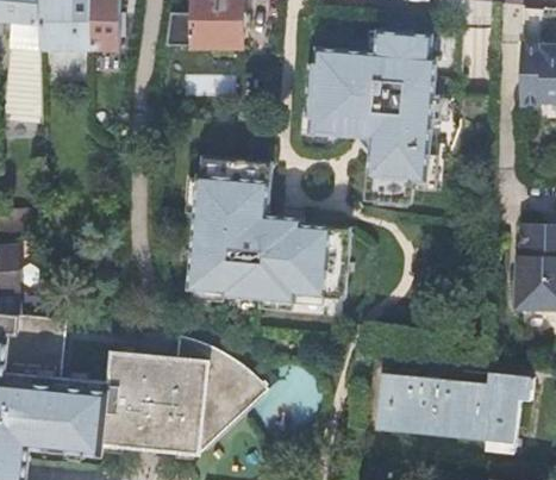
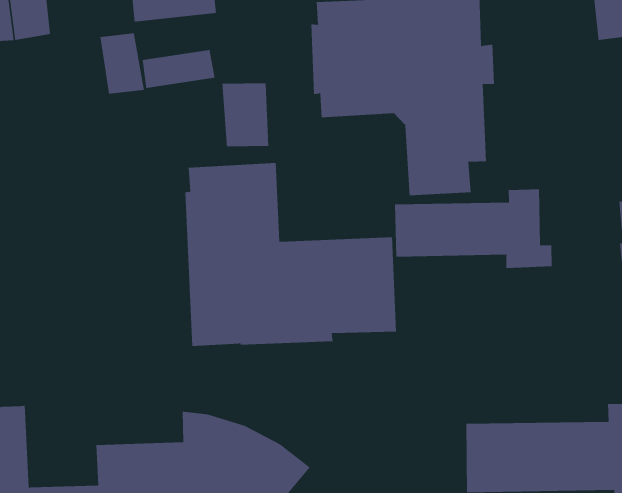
building: none -> [100,33,144,95]
building: none -> [222,83,269,147]
building: none -> [395,189,552,269]

